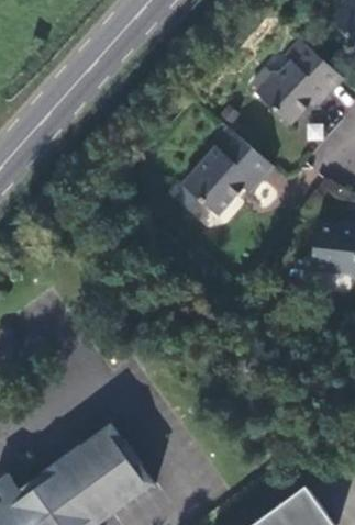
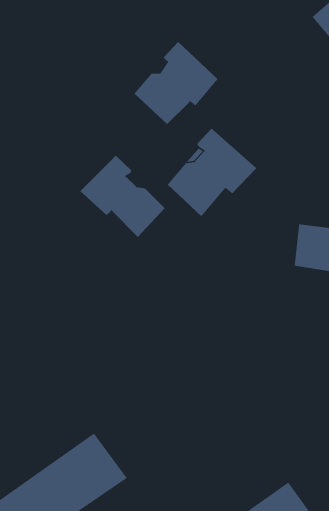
building: [256,42,342,126] -> [134,41,218,125]
building: none -> [79,155,165,238]

